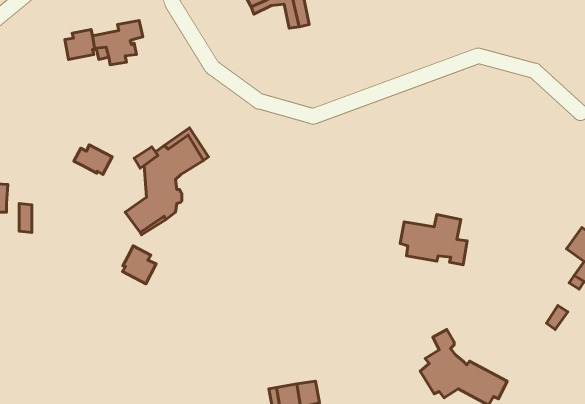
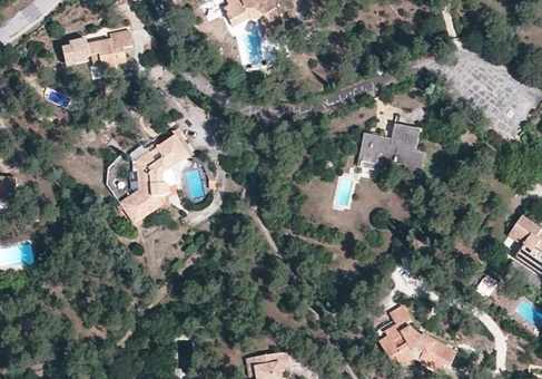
building: [74,145,112,174] -> none
building: [400,214,467,265] -> [361,126,420,171]
building: [123,246,156,284] -> none

